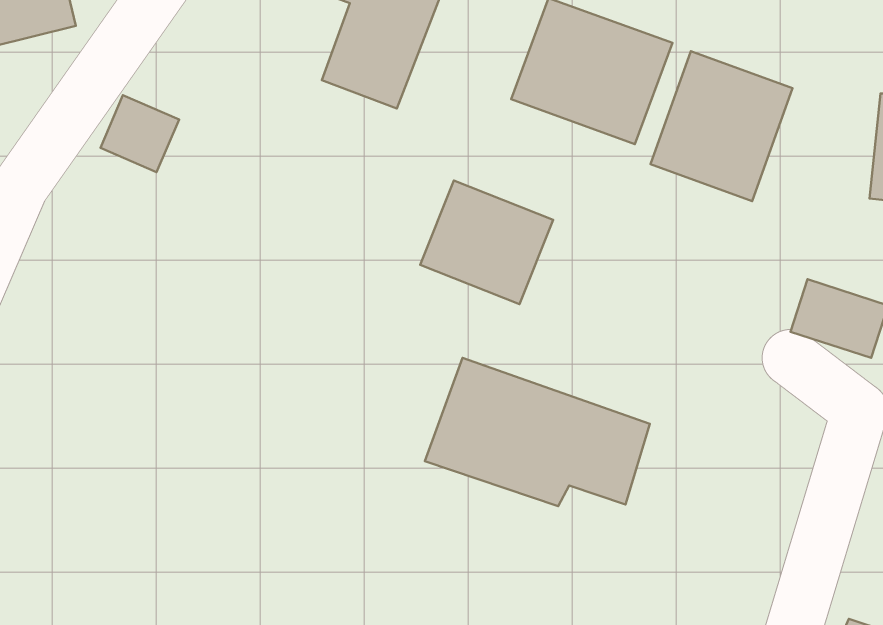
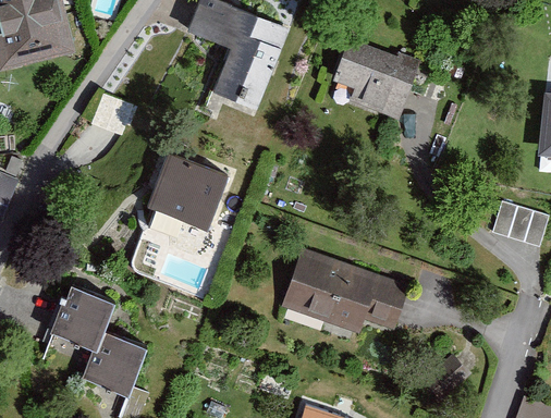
building: [650,51,793,201] -> none
building: [420,180,553,304] -> [156,153,233,225]
building: none -> [48,290,148,395]

